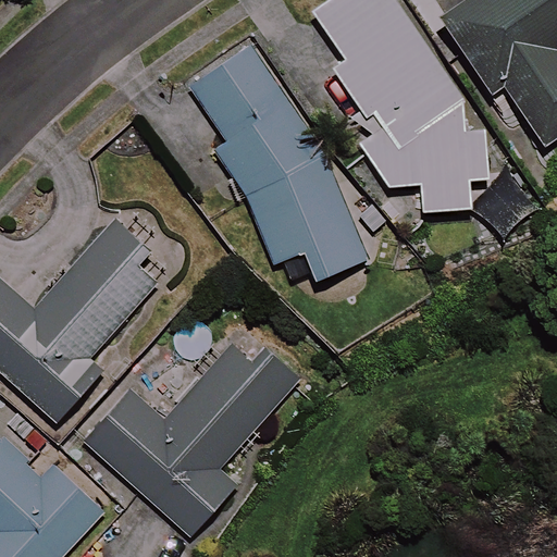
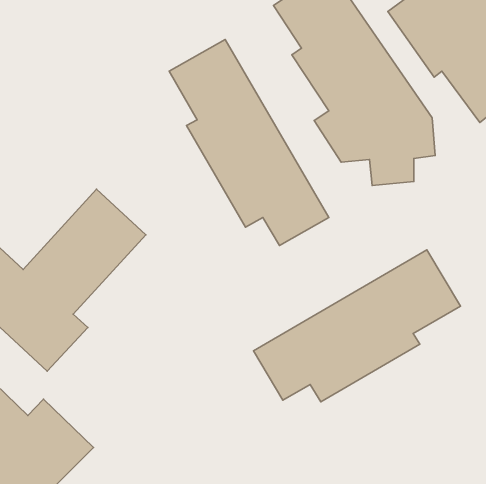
building: none -> [253,250,460,402]
building: [86,339,292,535] -> none

